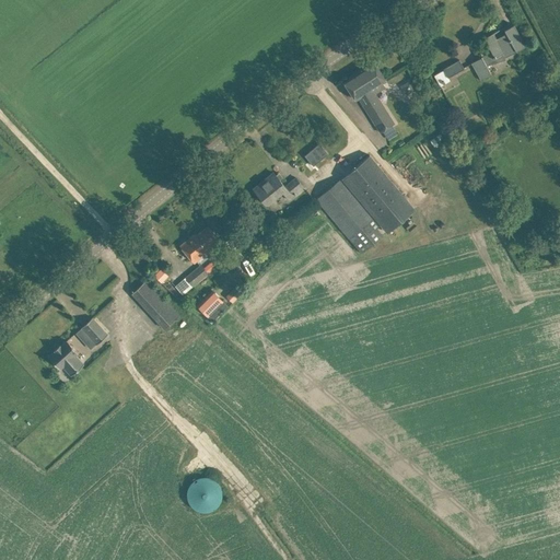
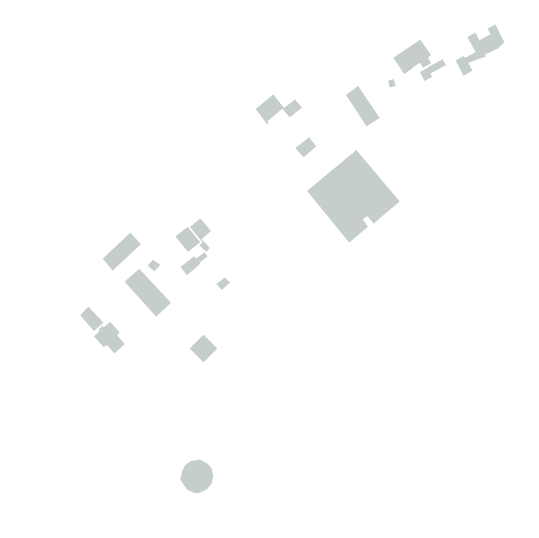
building: [343,62,385,101] -> [392,38,432,75]
building: [254,173,304,207] -> [255,93,303,126]
building: none -> [102,232,142,272]
building: [197,291,228,322] -> [189,334,218,363]
building: [49,341,83,376] -> [93,321,126,354]

